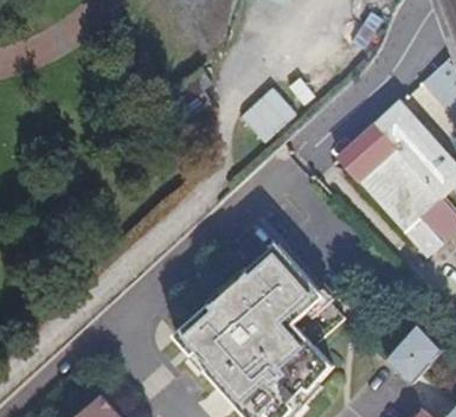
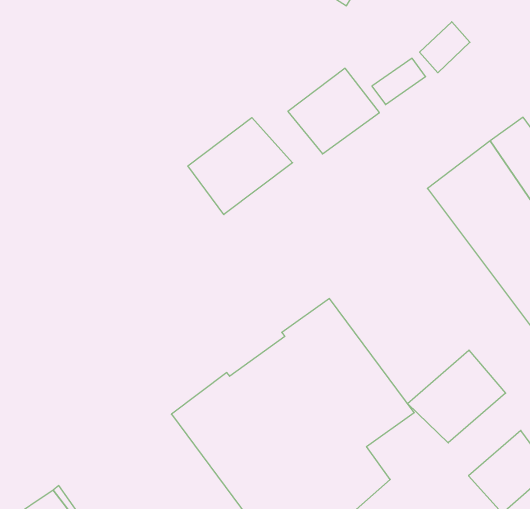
building: none -> [188,118,293,215]
building: none -> [407,350,506,443]

